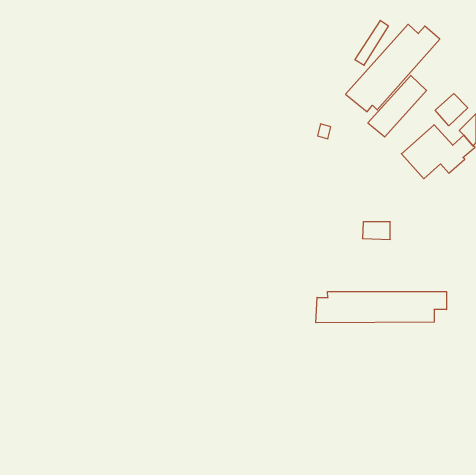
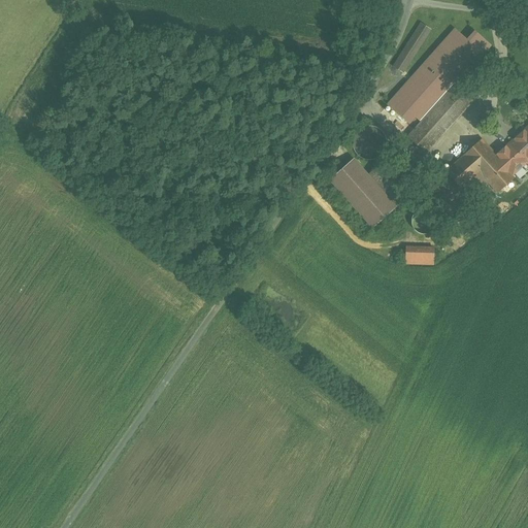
building: [435,94,468,126] -> none
building: none -> [330,159,412,226]
building: [316,292,447,323] -> none

